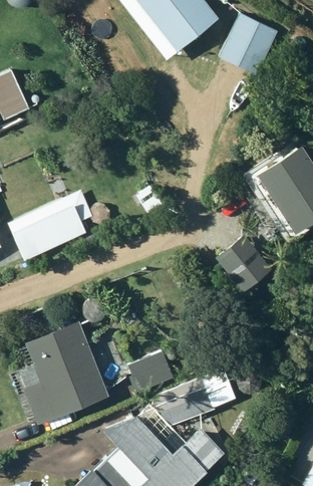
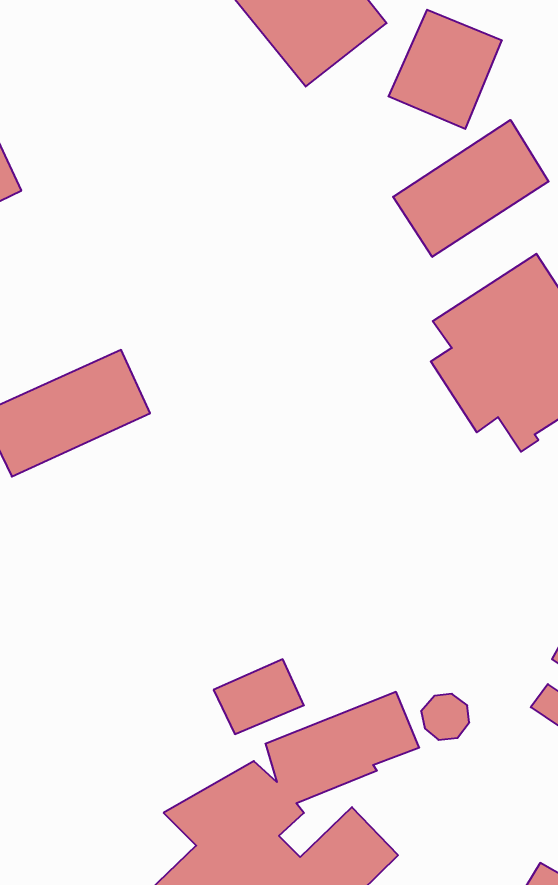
building: none -> [393,120,549,257]
building: [217,236,272,292] -> none
building: [22,315,108,424] -> none

